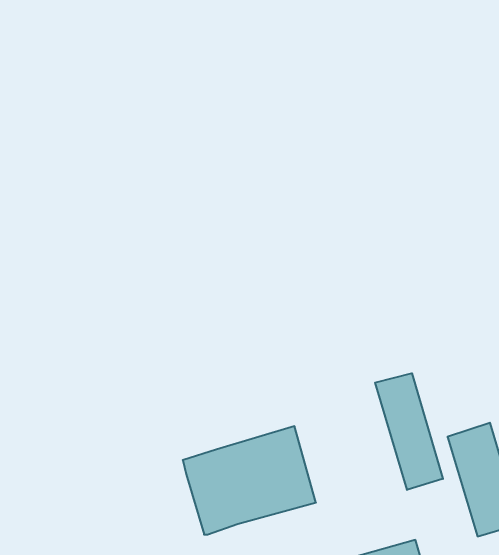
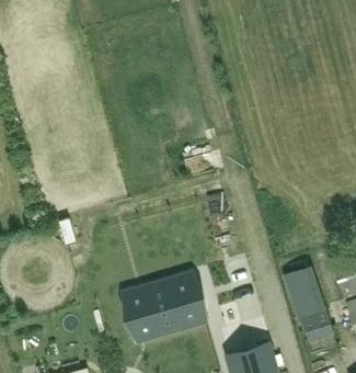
building: [375,373,443,490] -> none

